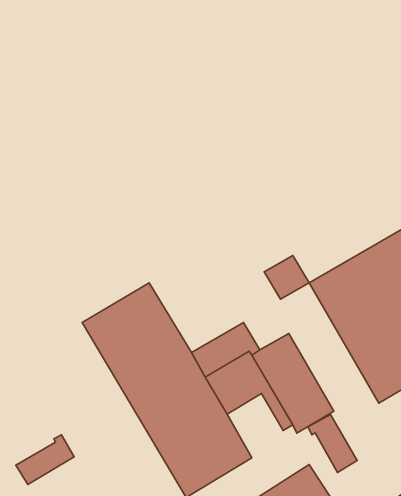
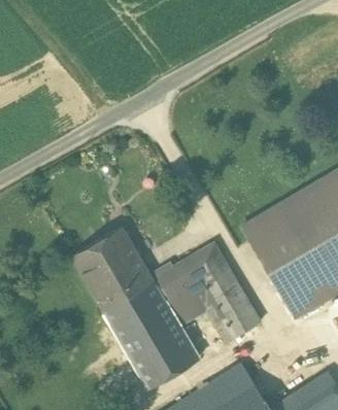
building: [264,256,309,299] -> [193,245,227,278]
building: [308,414,357,472] -> none
building: [16,435,74,484] -> none

